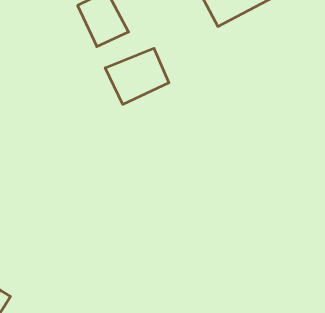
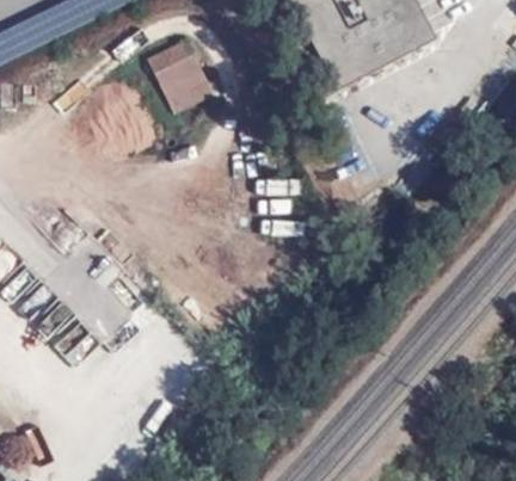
building: [105,48,169,104] -> none

